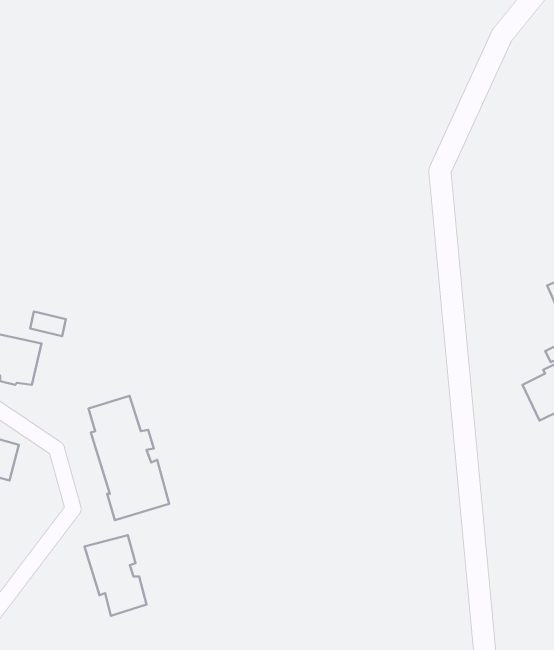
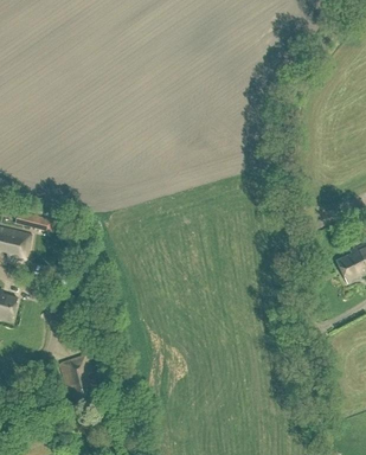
building: [89,396,169,520] -> none

